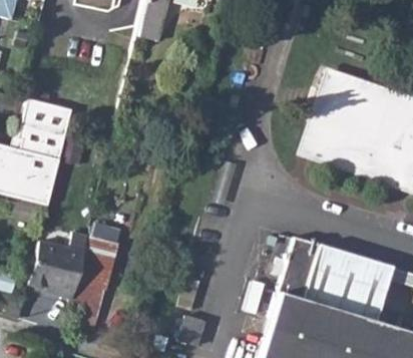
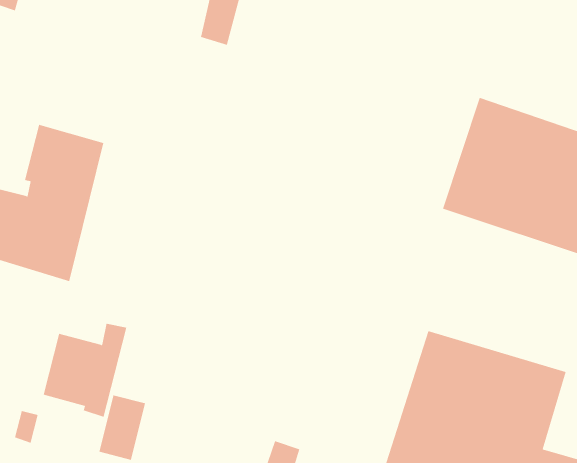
building: [79,241,113,292] -> none

